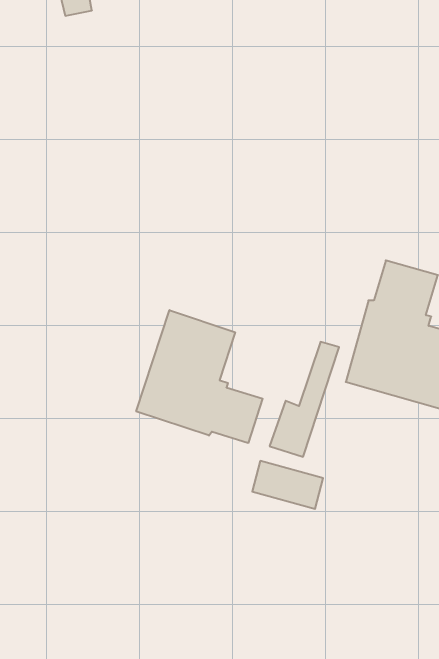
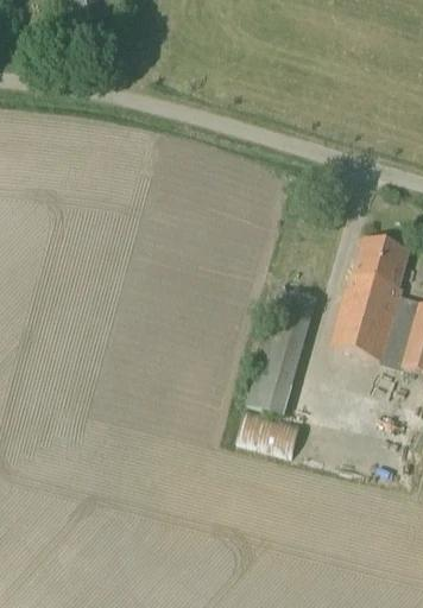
building: [136,310,263,443] -> none

